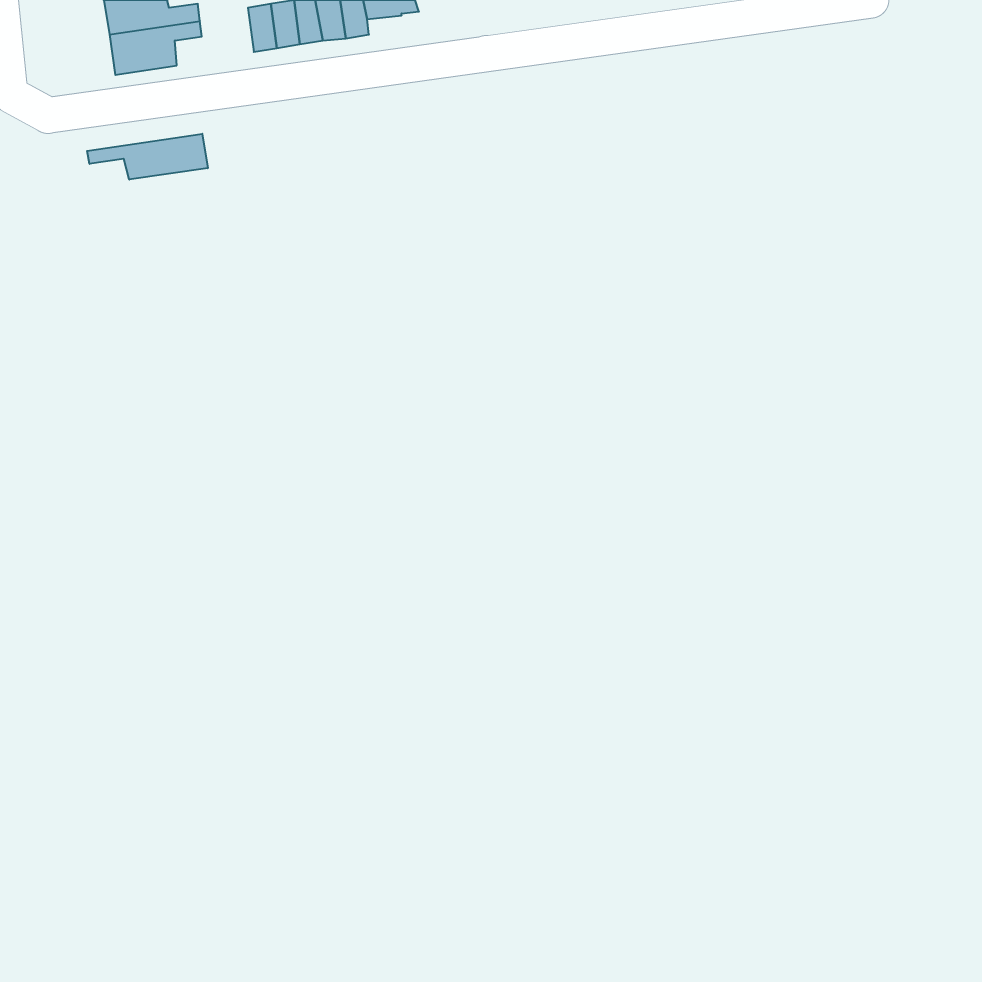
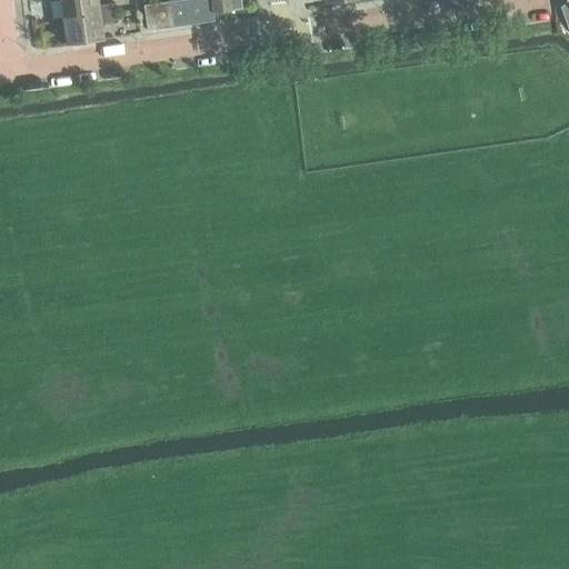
building: [87,134,208,180] -> none

